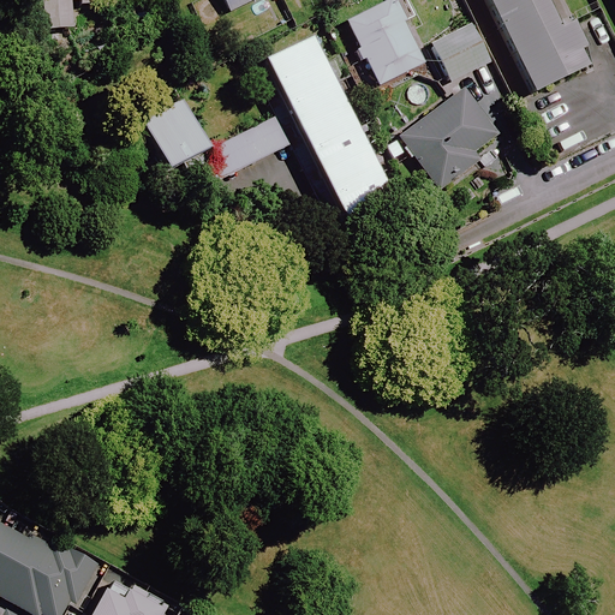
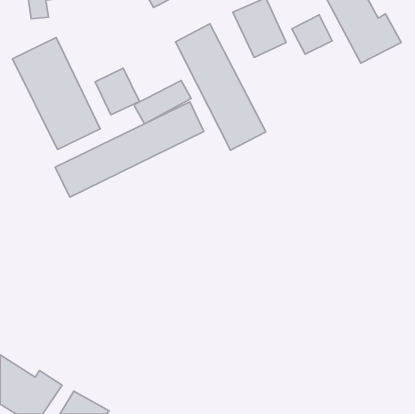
building: none -> [13,38,100,150]
building: [400,86,498,189] -> none
building: none -> [55,102,204,197]

